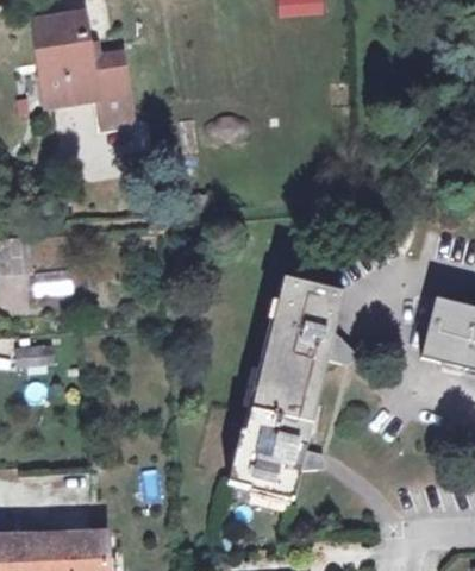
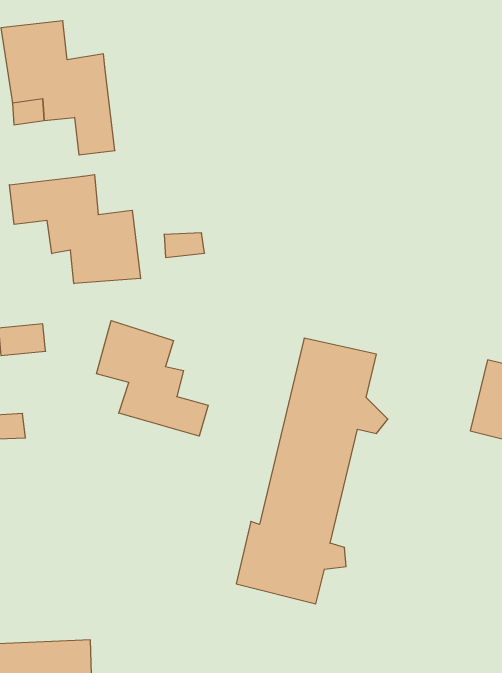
building: none -> [9,175,141,284]
building: none -> [96,321,208,436]

